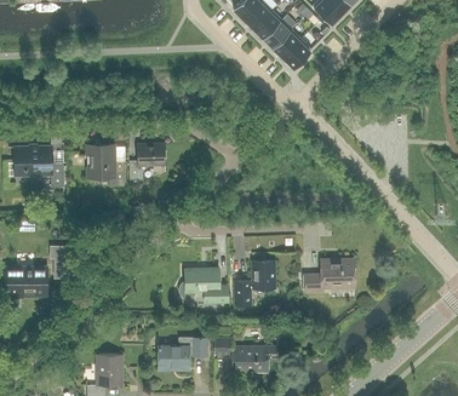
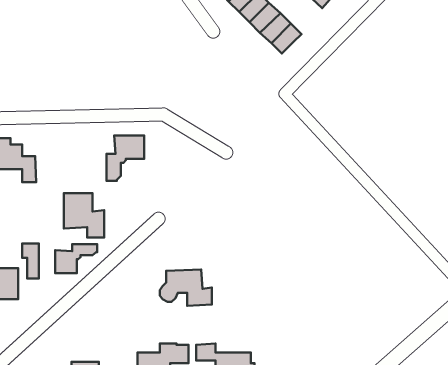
building: [87,145,125,186] -> [64,193,104,238]
building: none -> [55,244,97,273]
building: [304,259,354,292] -> none
building: [234,262,275,305] -> none

